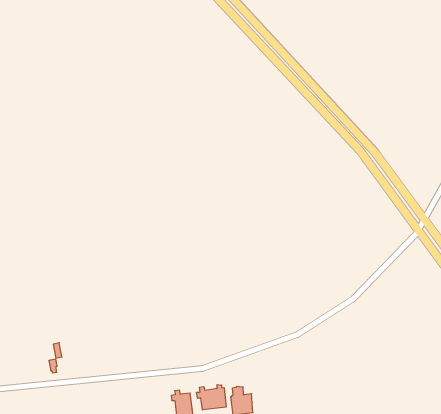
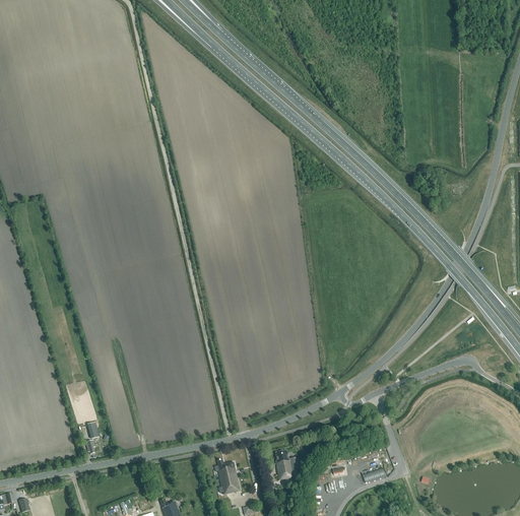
building: [197,385,226,410] -> none

